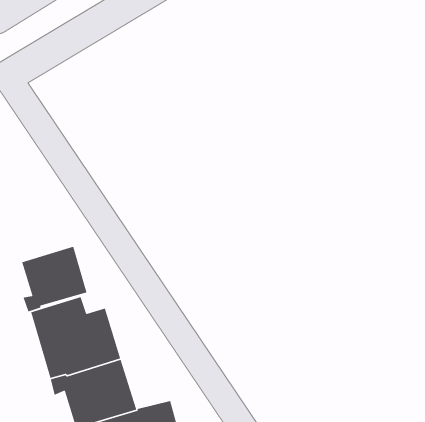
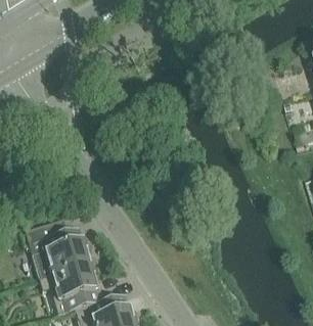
building: [21,246,88,312] -> none

